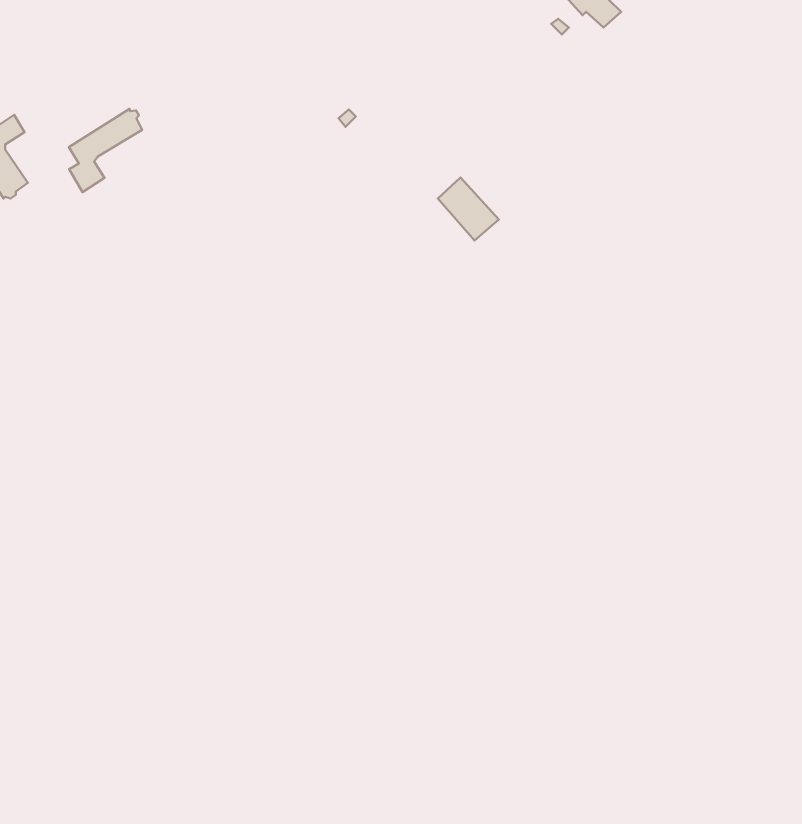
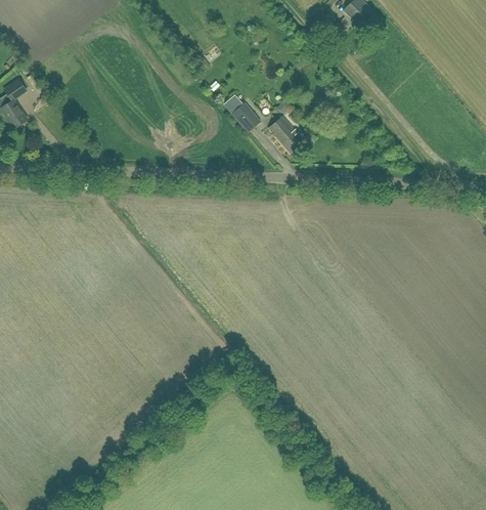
building: [69,109,142,192] -> none
building: none -> [231,101,260,130]

